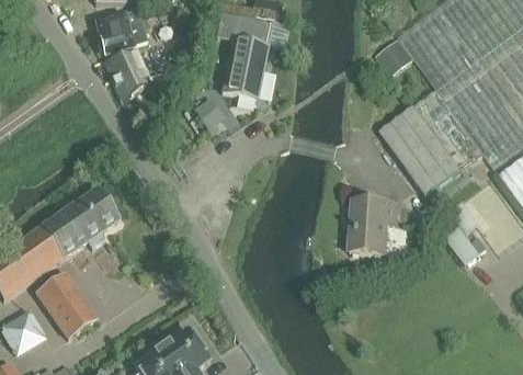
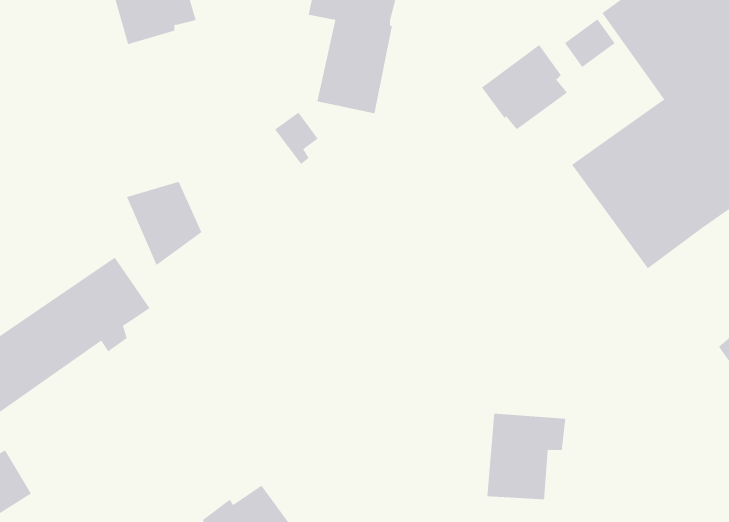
building: [103,50,150,103] -> [126,181,202,266]
building: none -> [481,44,568,130]
building: [349,201,398,254] -> [486,413,566,500]
building: [36,272,96,337] -> none

